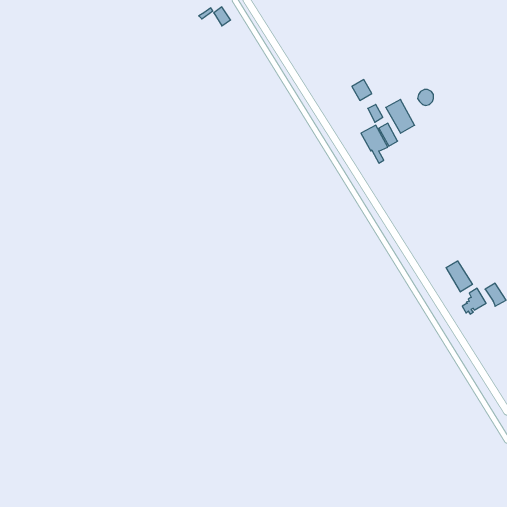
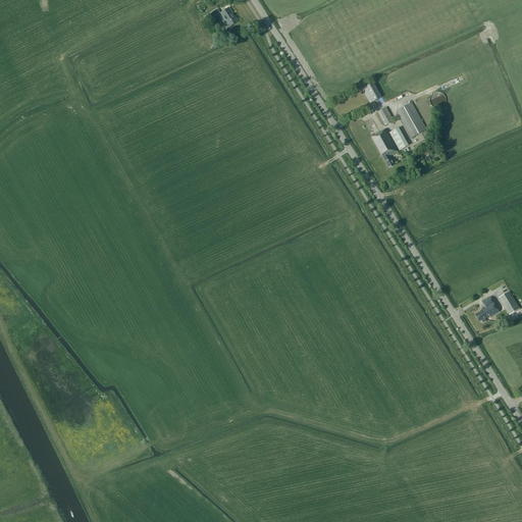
building: [446,261,472,292] -> none

